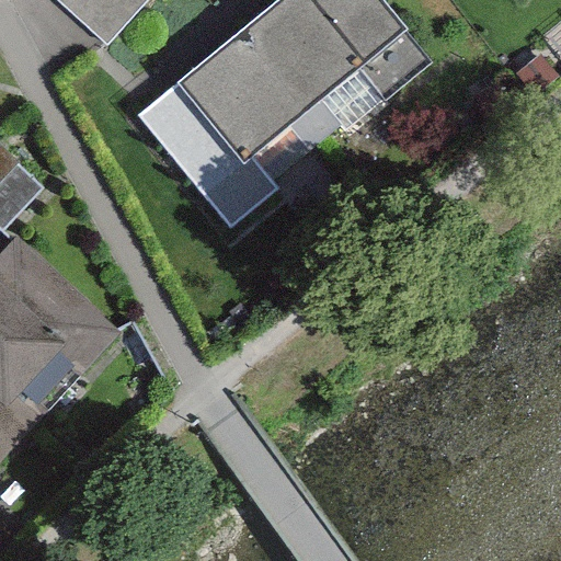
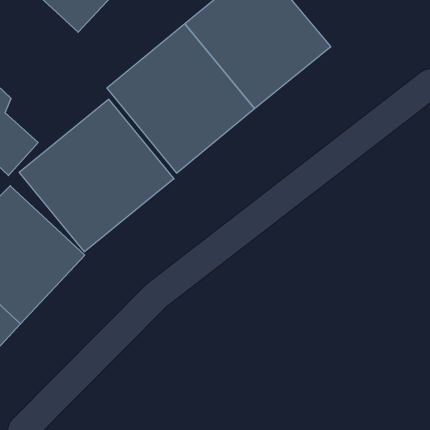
building: none -> [19,99,174,252]

